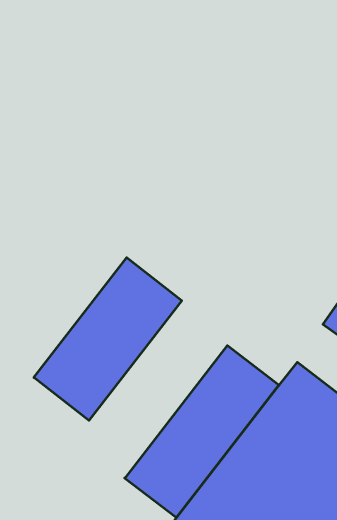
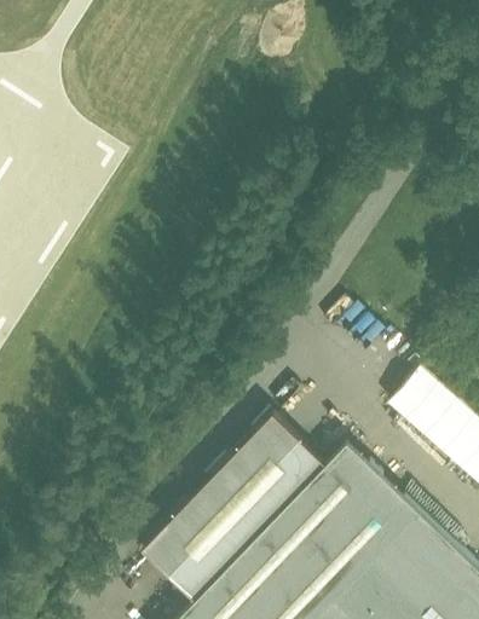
building: [34,258,182,420] -> none

